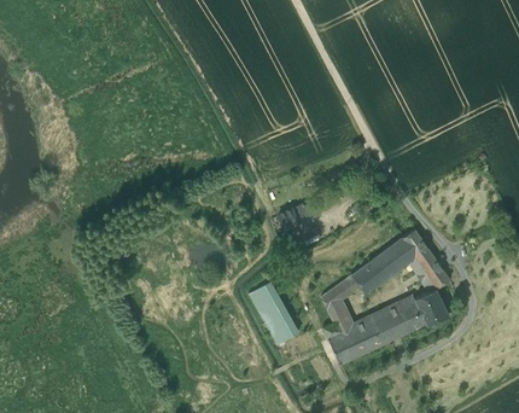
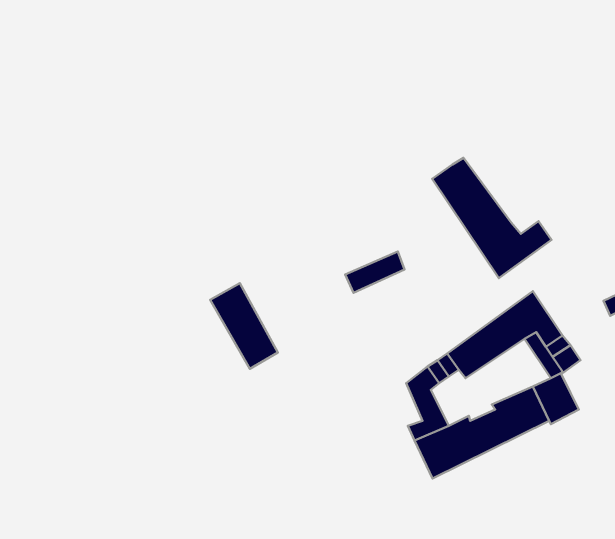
building: none -> [432,158,552,278]
building: [249,280,298,343] -> [210,283,278,369]

